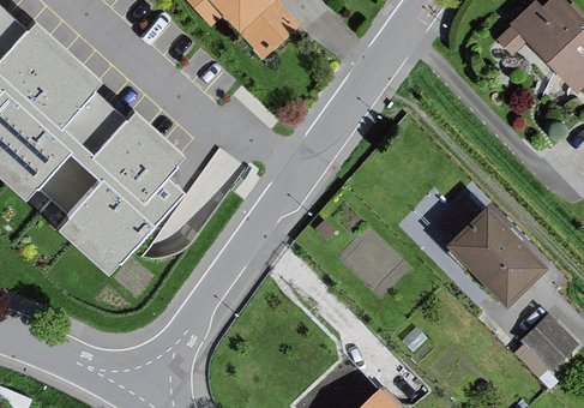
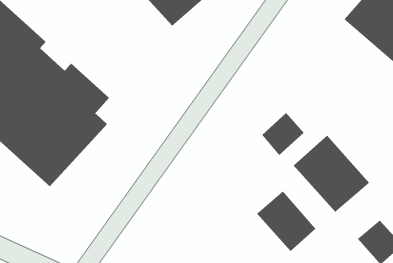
building: none -> [262,112,305,156]
building: none -> [256,190,316,252]

